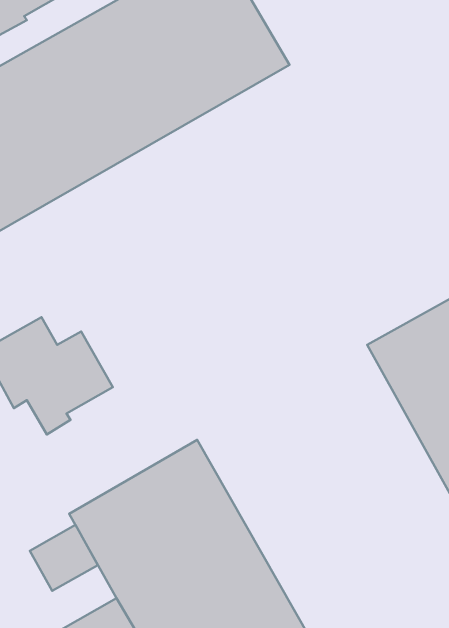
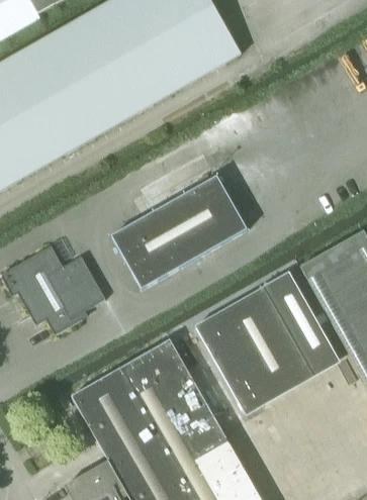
building: none -> [111,176,248,289]
building: none -> [194,271,338,414]
building: [30,525,98,591] -> none

